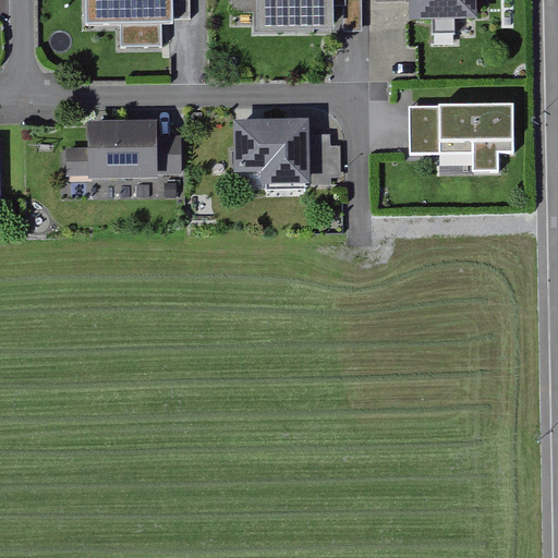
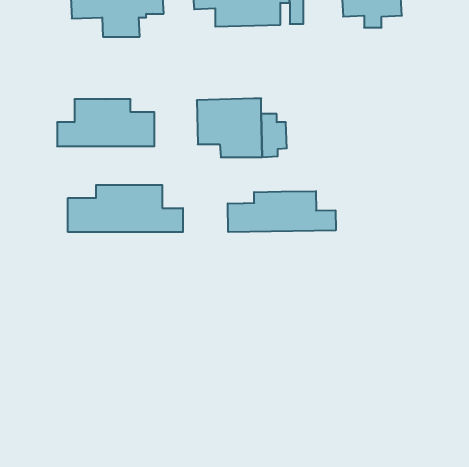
building: [409,106,511,171] -> none
building: none -> [68,185,183,232]
building: none -> [228,191,336,232]

